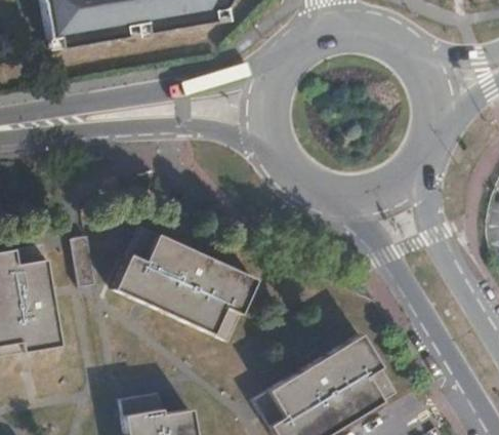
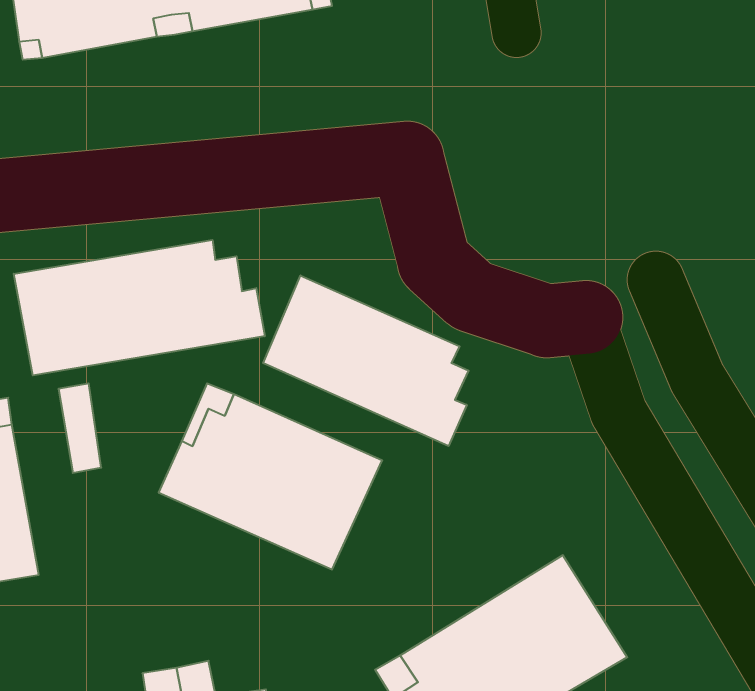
building: none -> [14,240,265,375]
building: none -> [263,275,469,446]

